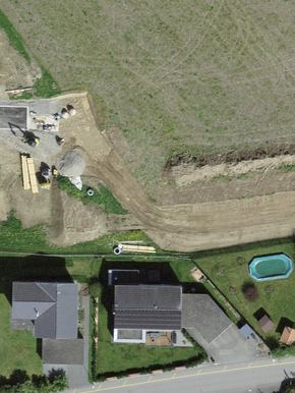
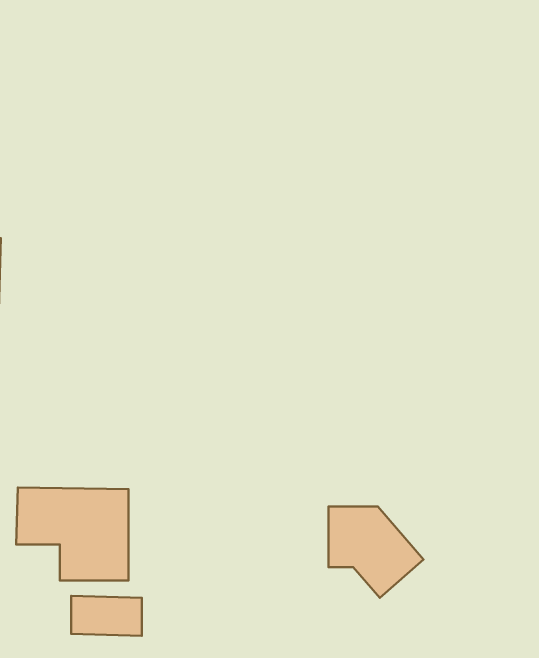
building: [114,285,181,341] -> none

